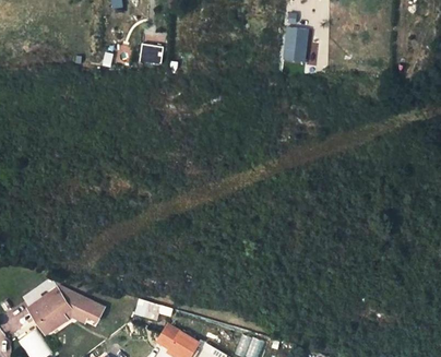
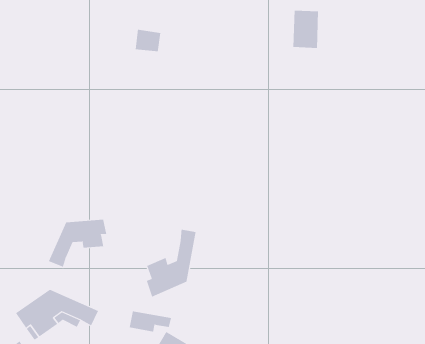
building: none -> [48,219,107,268]
building: none -> [146,229,196,297]

